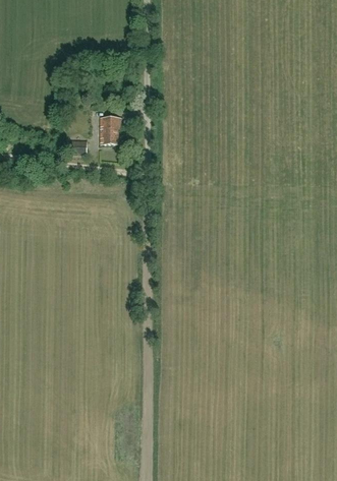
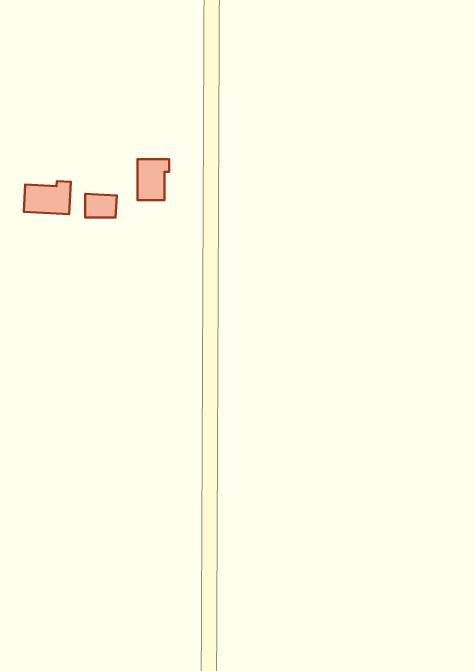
building: none -> [24,181,71,214]

